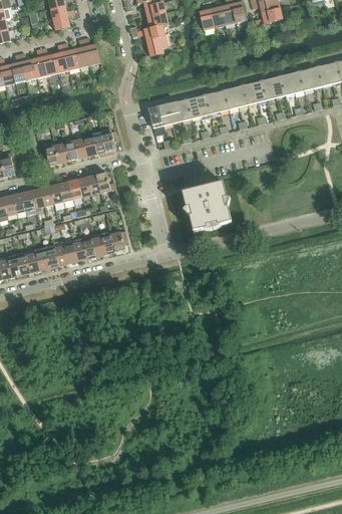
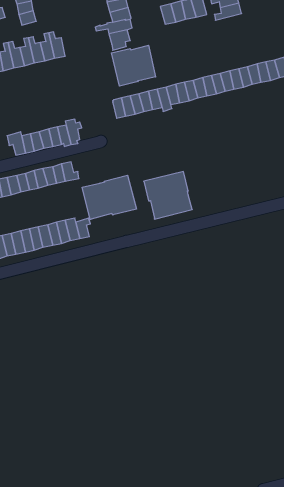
building: none -> [111,45,156,86]
building: none -> [82,175,136,220]

